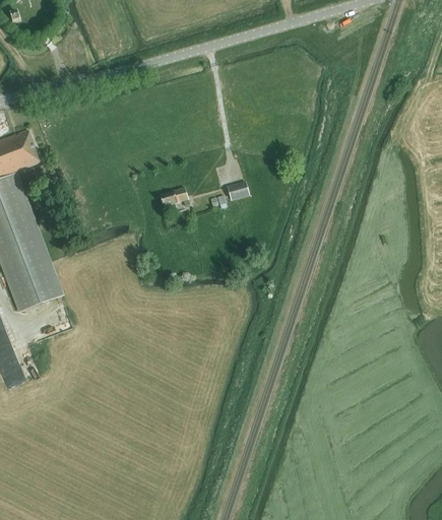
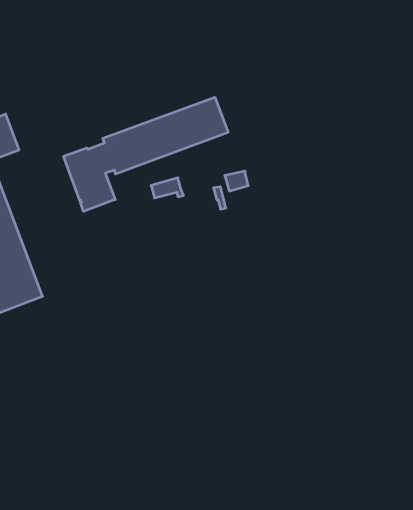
building: none -> [64,97,228,211]

